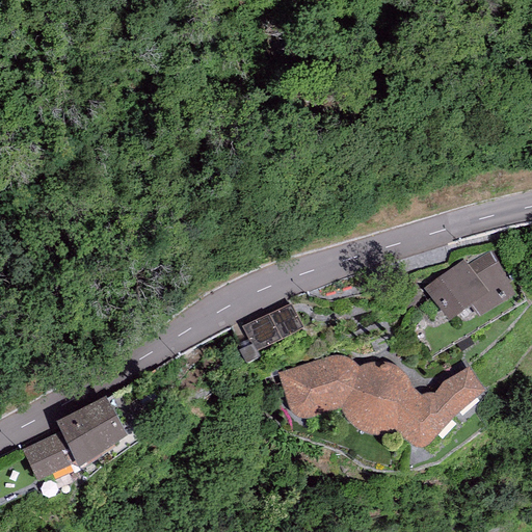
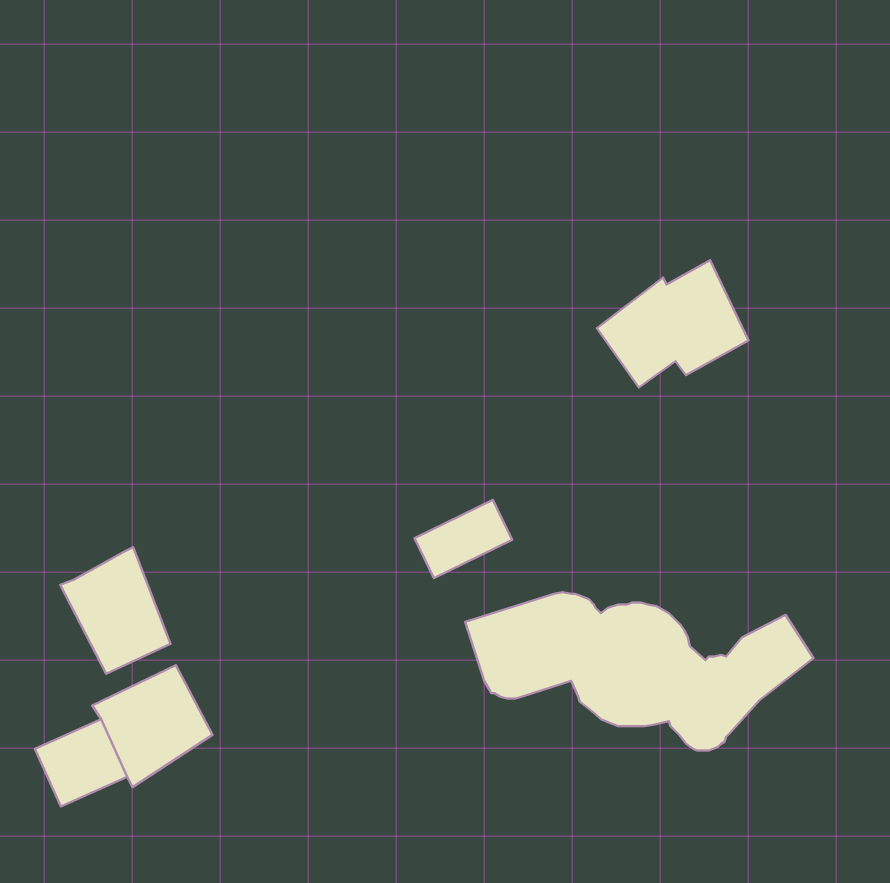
building: [424,246,514,322] -> [597,260,748,387]
building: none -> [60,547,171,674]

